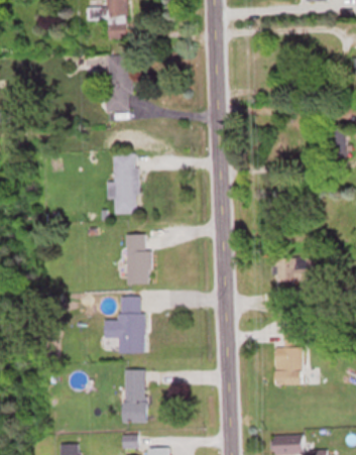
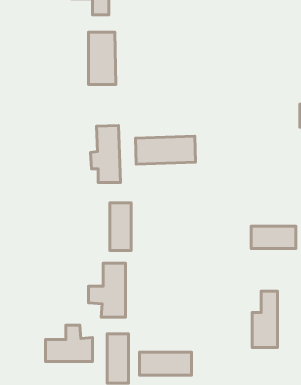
building: none -> [135,136,196,164]
building: none -> [46,325,92,361]
building: none -> [140,352,192,375]

